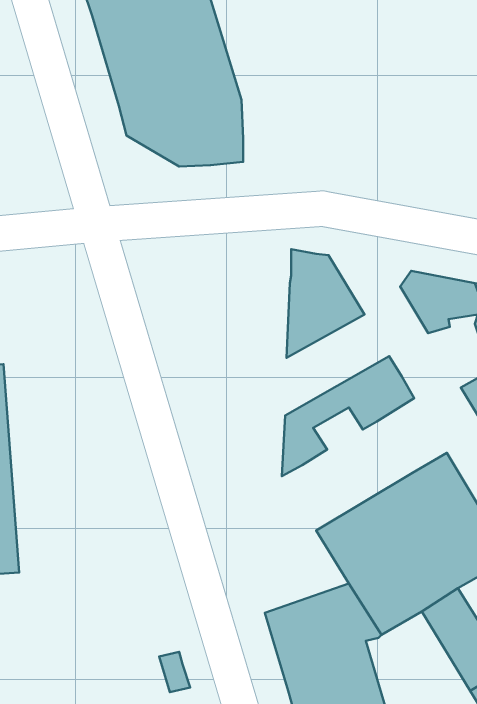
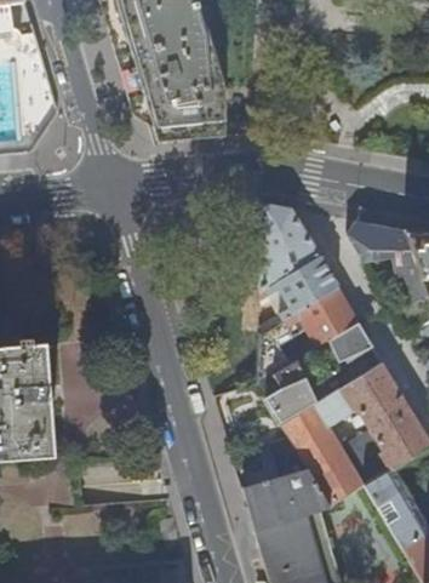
building: none -> [258,255,339,333]
building: none -> [264,320,376,423]

